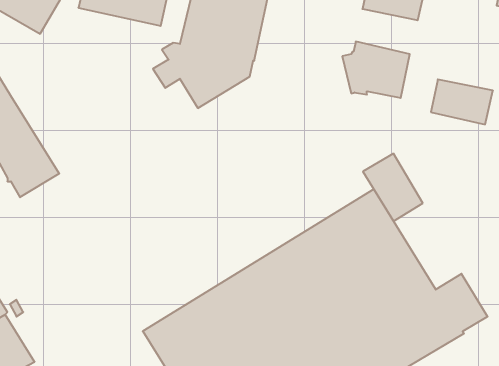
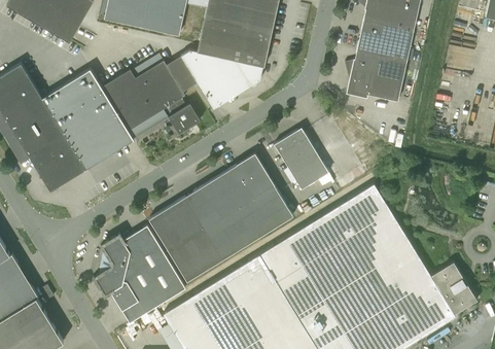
building: none -> [42,61,201,170]
building: [431,79,493,124] -> [357,20,414,61]
building: [363,154,423,221] -> [274,128,328,189]
building: none -> [149,155,293,281]
building: none -> [93,225,185,322]

